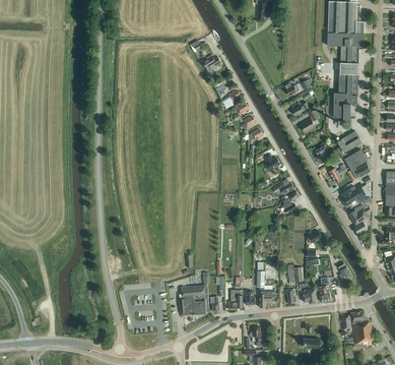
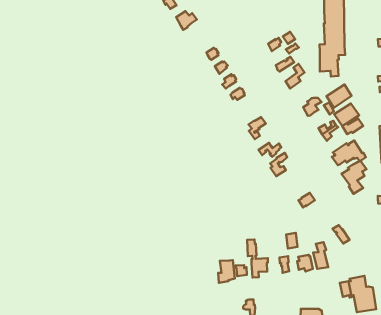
building: [181,272,209,314] -> none

